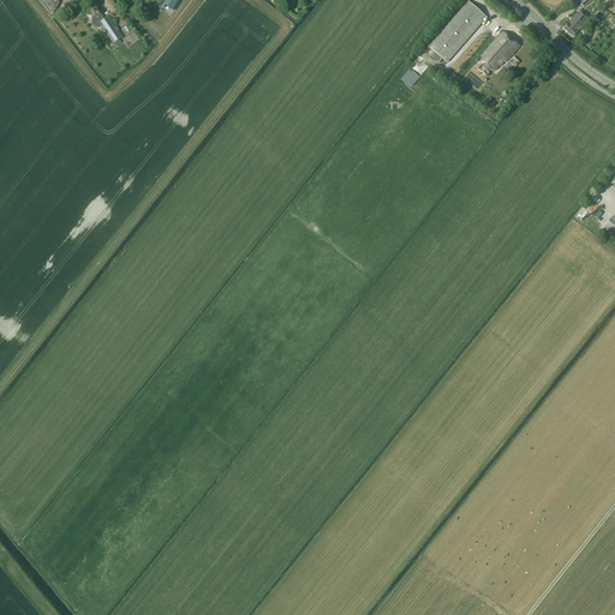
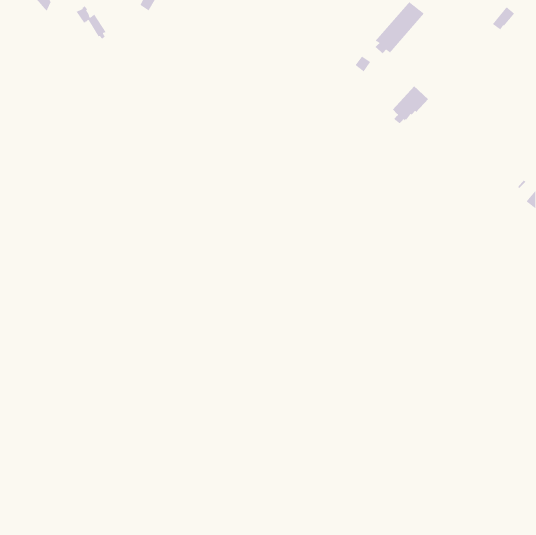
building: [478,30,520,74] -> [392,86,429,124]

